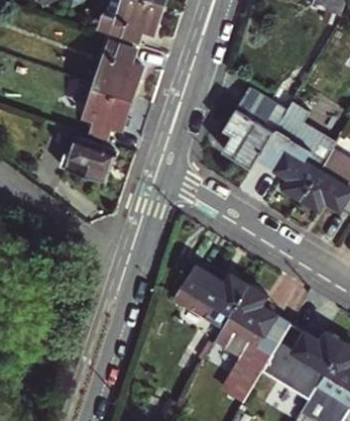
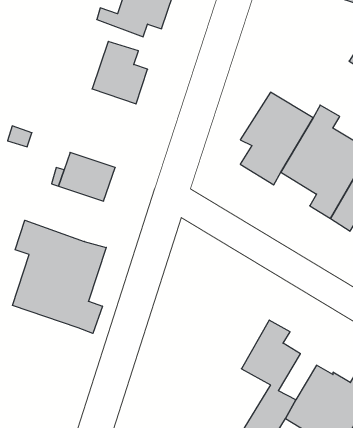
building: [84,84,132,134] -> none
building: none -> [13,220,106,333]
building: [176,267,248,328] -> none

